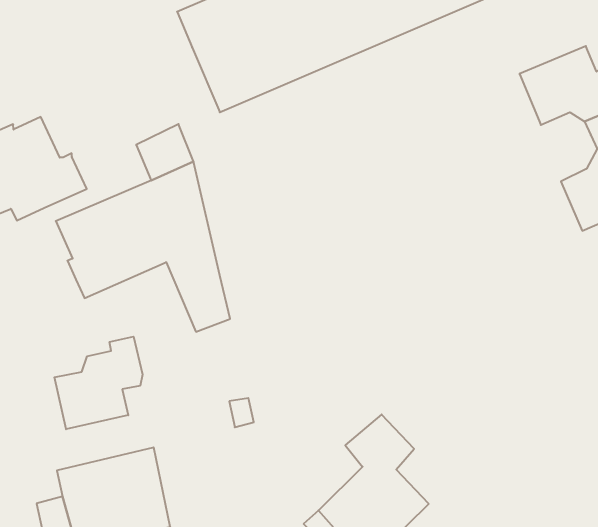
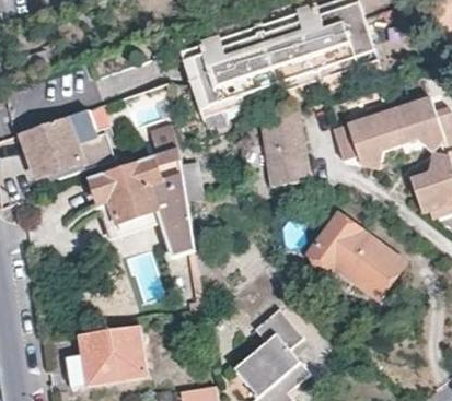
building: none -> [328,108,398,163]
building: none -> [264,109,302,184]
building: none -> [311,213,403,296]
building: [54,337,143,429] -> none

